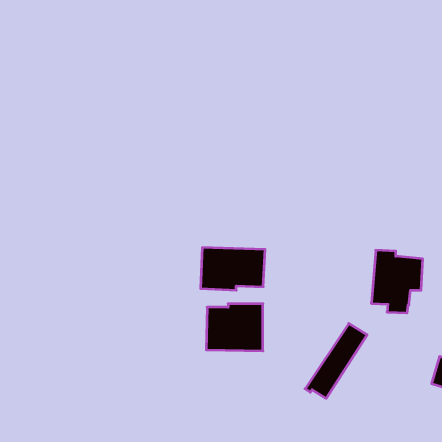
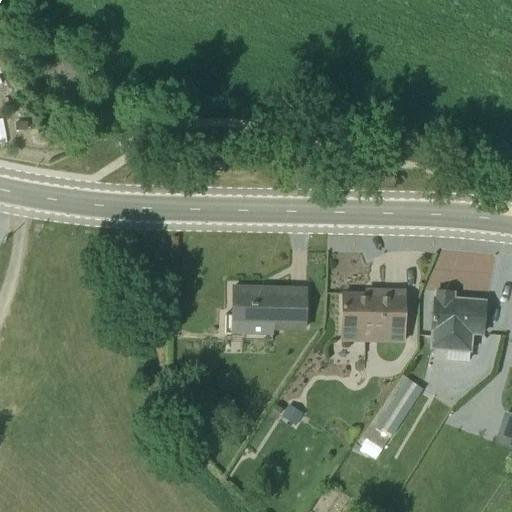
building: [206,304,263,351] -> [342,286,407,340]

